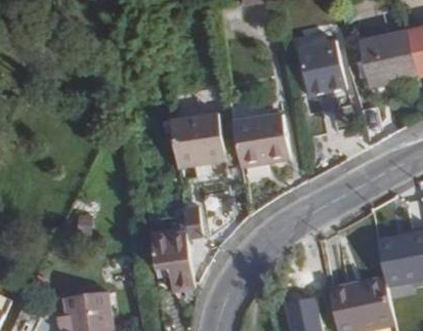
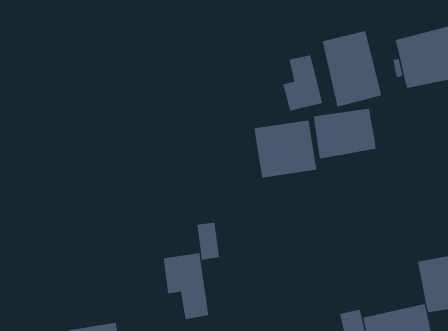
building: none -> [282,55,323,112]
building: none -> [313,108,376,159]
building: [170,114,224,165] -> none

